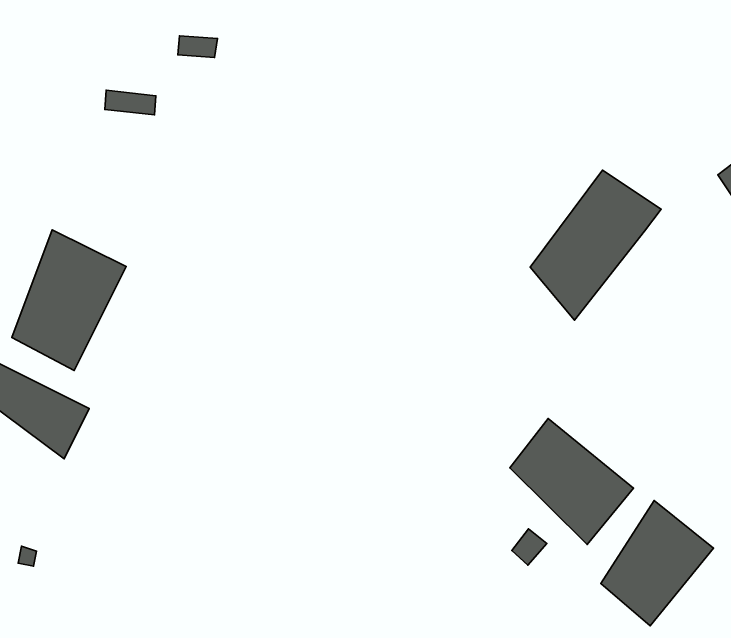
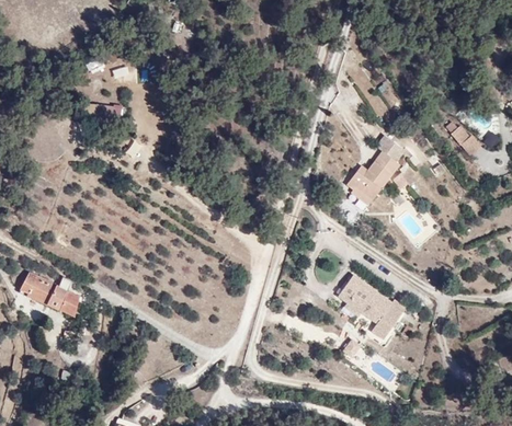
building: [12,230,126,370] -> none
building: [601,500,713,626] -> none

